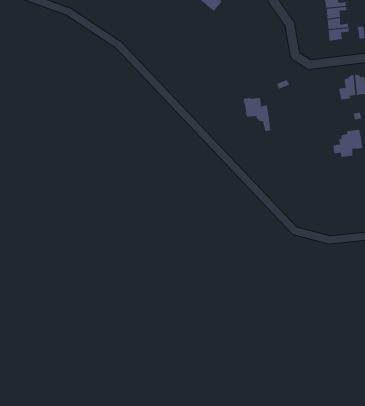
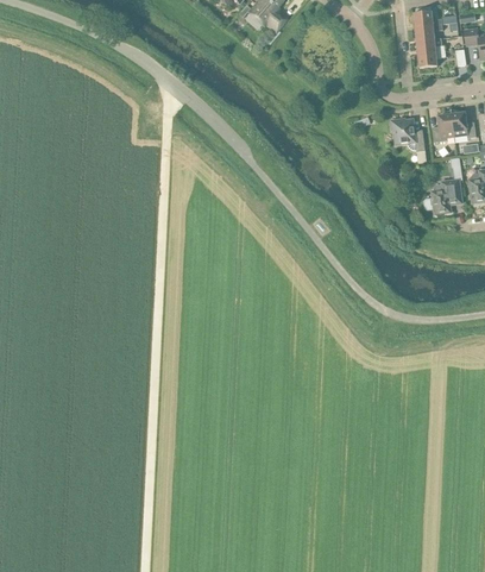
building: [243,97,271,131] -> [390,118,426,161]

